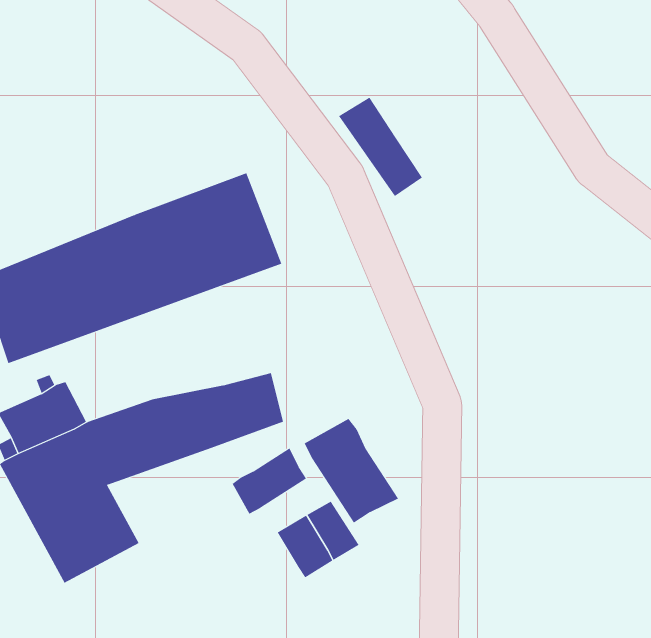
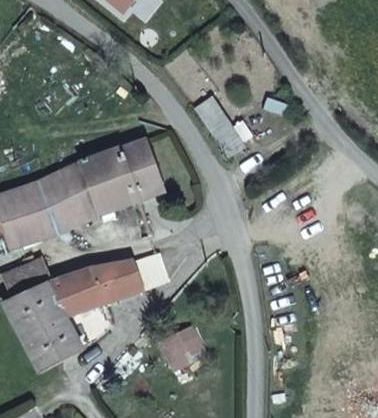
building: [304,418,399,524] -> none
building: [232,448,307,514] -> none

